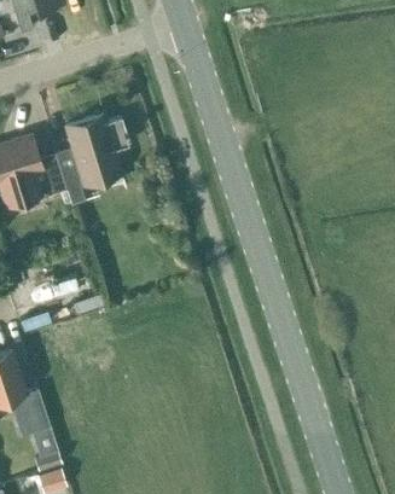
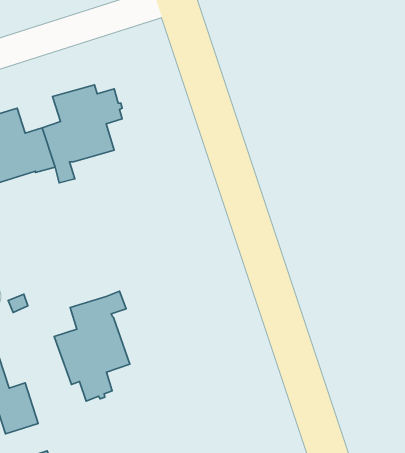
building: none -> [54,291,130,401]

